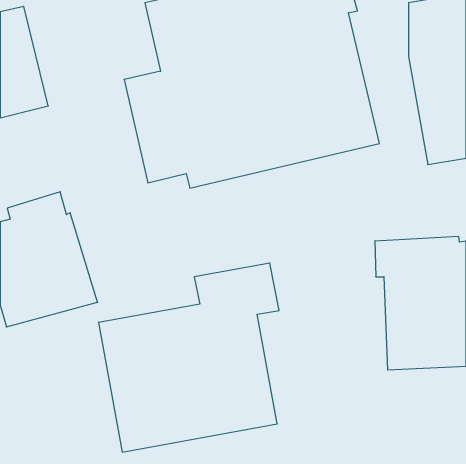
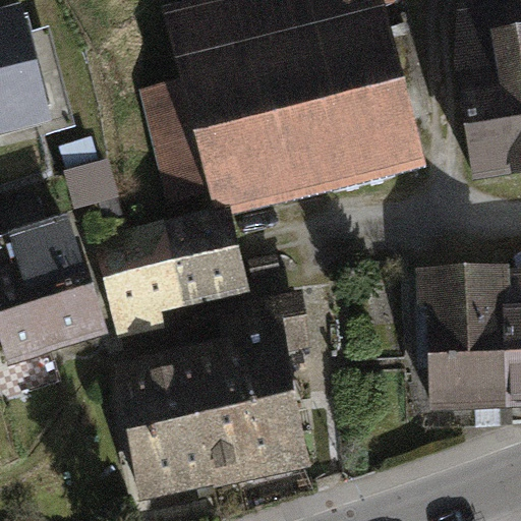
building: none -> [97,206,249,339]

